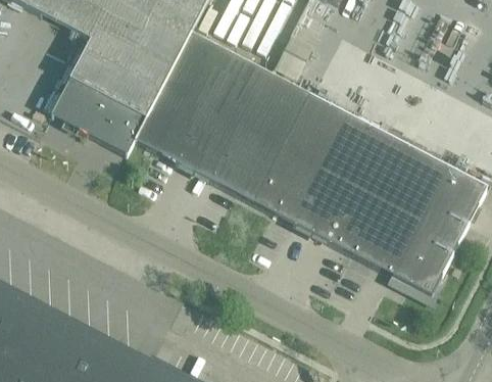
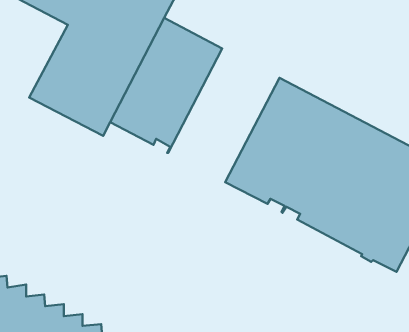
building: [195,62,310,201] -> none

